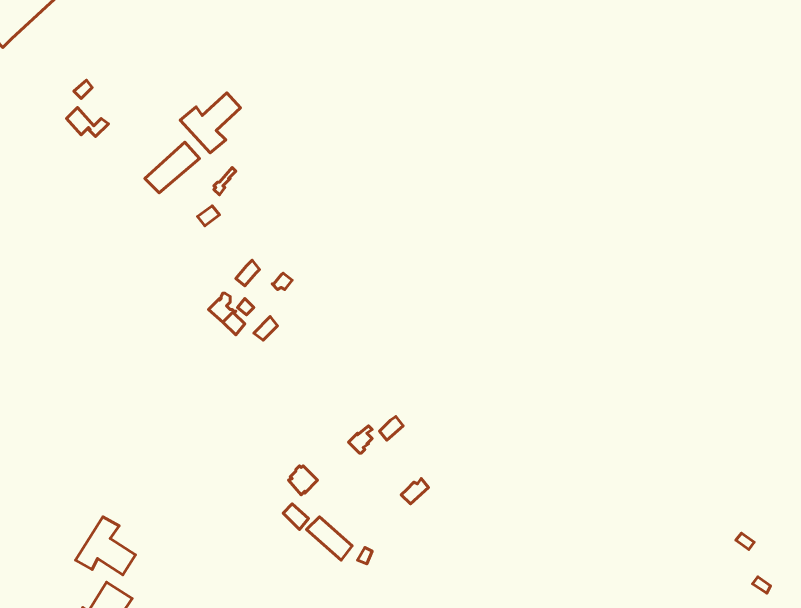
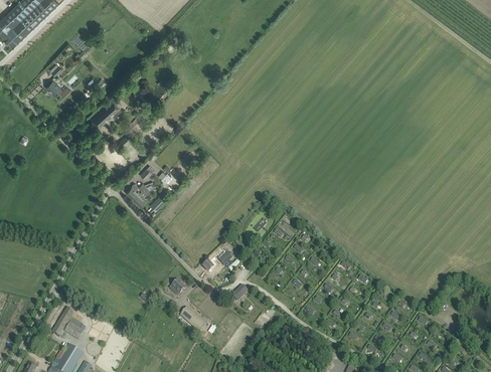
building: [180,93,241,153] -> none

